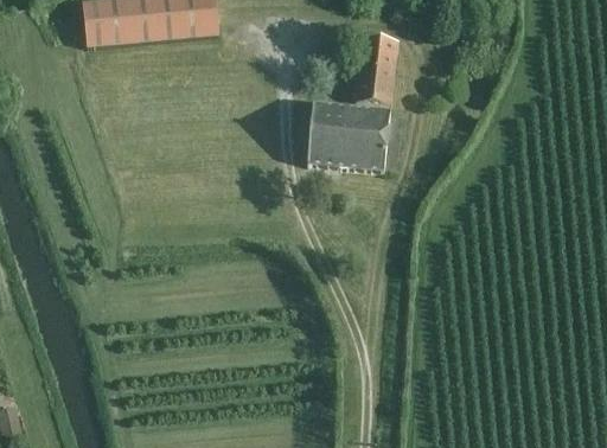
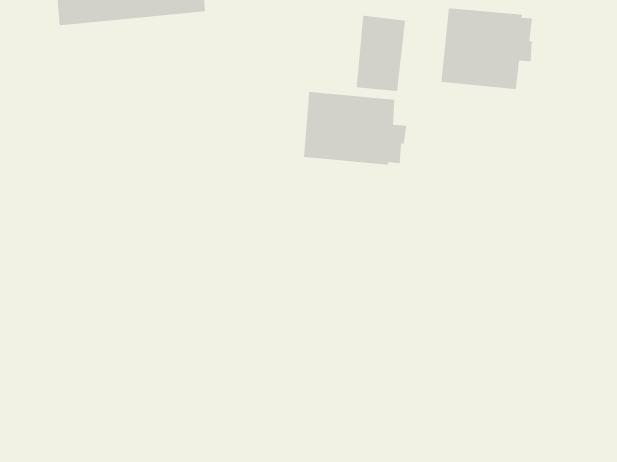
building: none -> [441,7,532,90]

